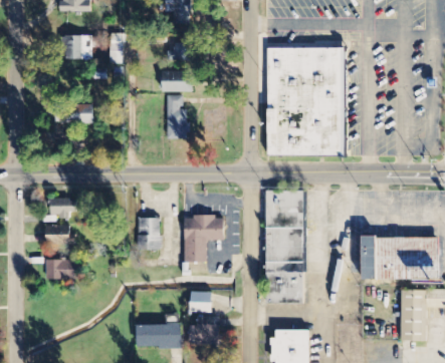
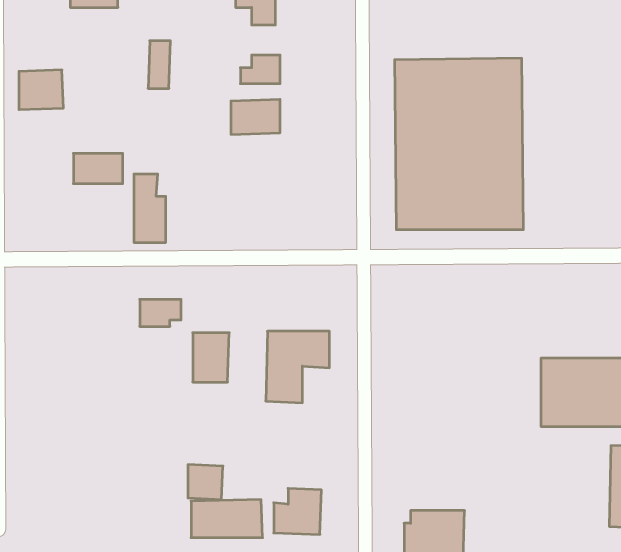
building: [64,35,92,60] -> [19,70,63,110]
building: [168,96,188,139] -> [134,174,166,242]
building: [264,190,302,302] -> none
building: [50,200,76,217] -> [140,299,181,326]
building: [45,226,70,246] -> none
building: [46,261,76,281] -> none
building: [190,292,212,314] -> [188,465,223,499]

